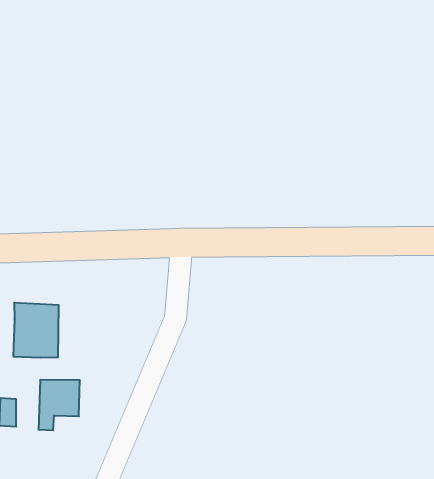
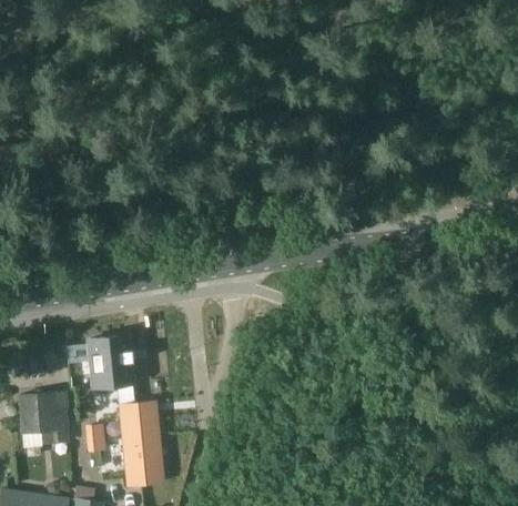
building: none -> [124,433,164,483]

